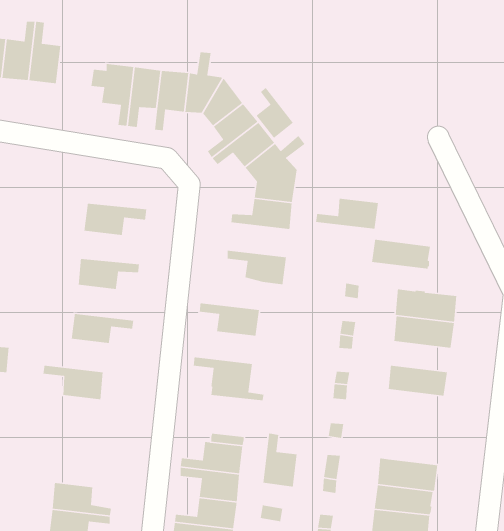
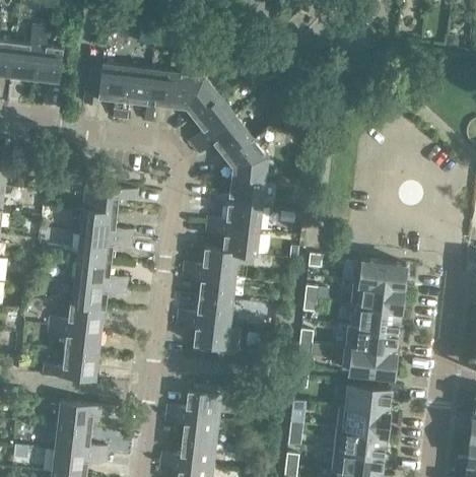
building: [256,87,294,139] -> none
building: [315,198,379,230] -> [207,205,262,232]
building: none -> [80,210,133,238]
building: [371,239,431,270] -> [348,305,400,332]
building: none -> [184,249,237,278]
building: none -> [75,257,128,287]
building: none -> [179,297,232,325]
building: none -> [49,303,106,332]
building: none -> [342,347,396,377]
building: none -> [44,352,98,381]
building: [263,432,298,488] -> none
building: none -> [347,385,391,412]
building: none -> [58,402,112,431]

